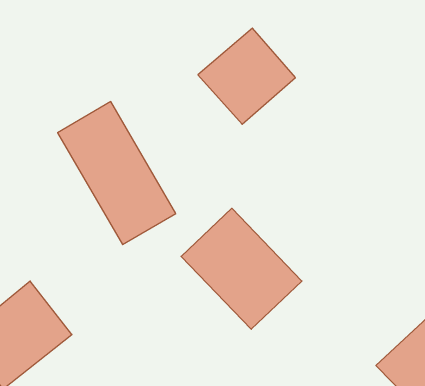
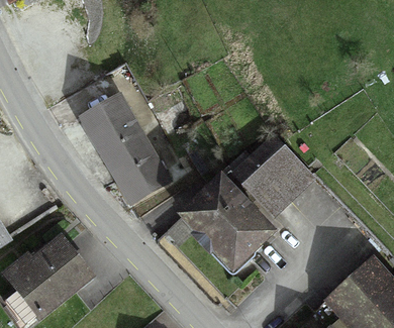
building: [198,28,295,124] -> [235,141,311,216]

